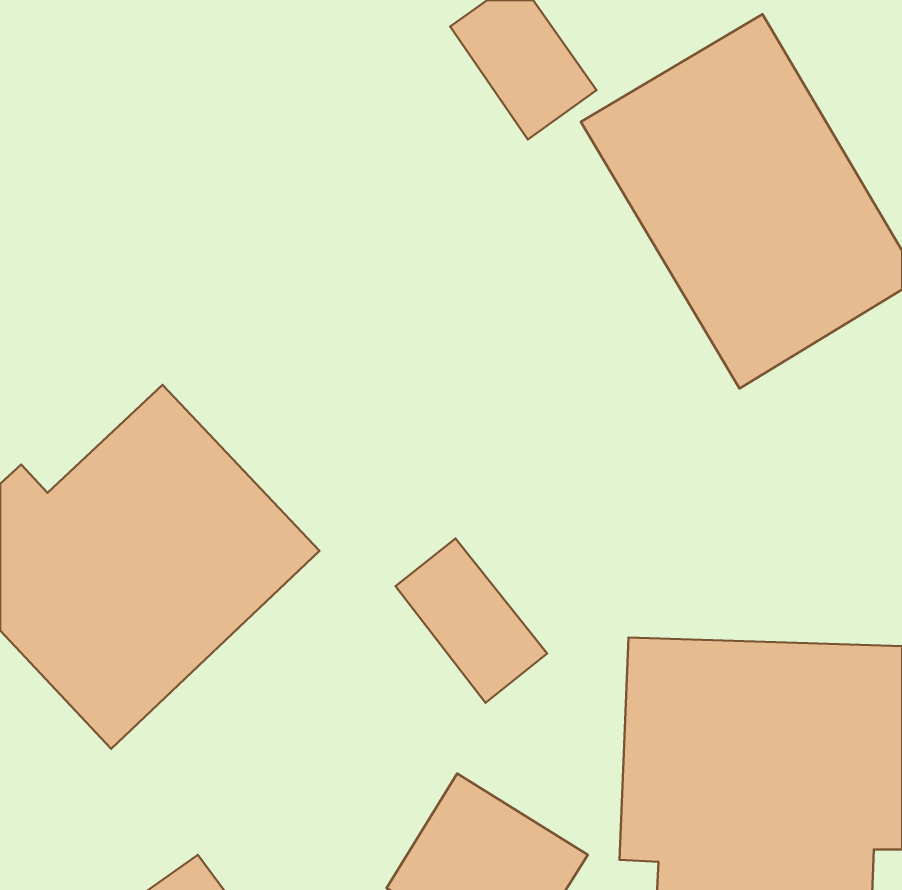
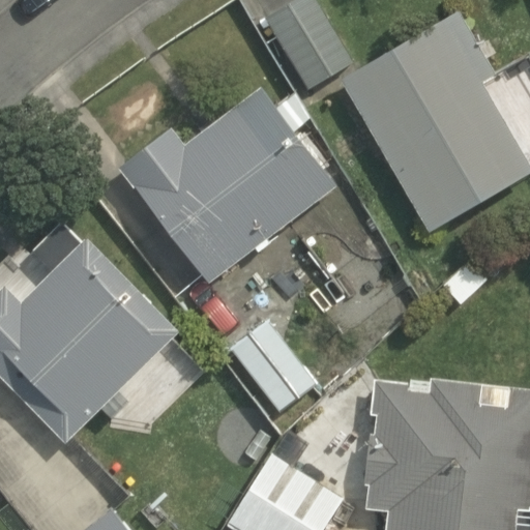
building: none -> [118,87,331,284]

